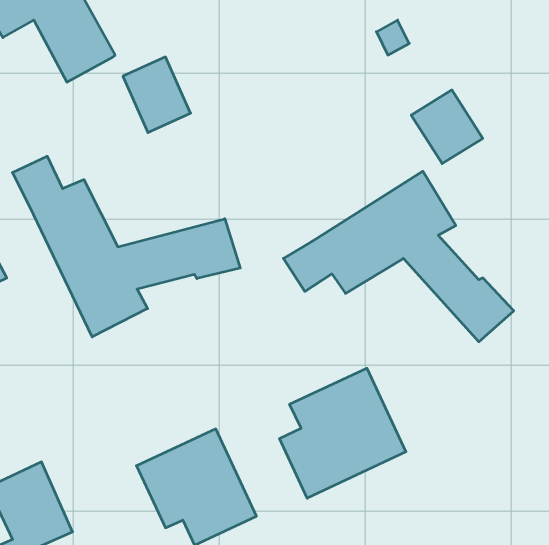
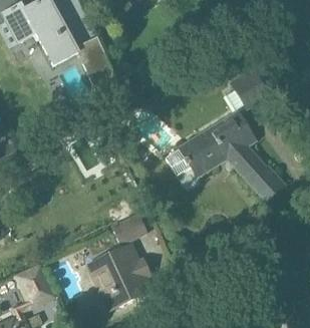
building: [12,156,240,337] -> none
building: [280,368,406,498] -> none
building: none -> [110,214,147,246]

